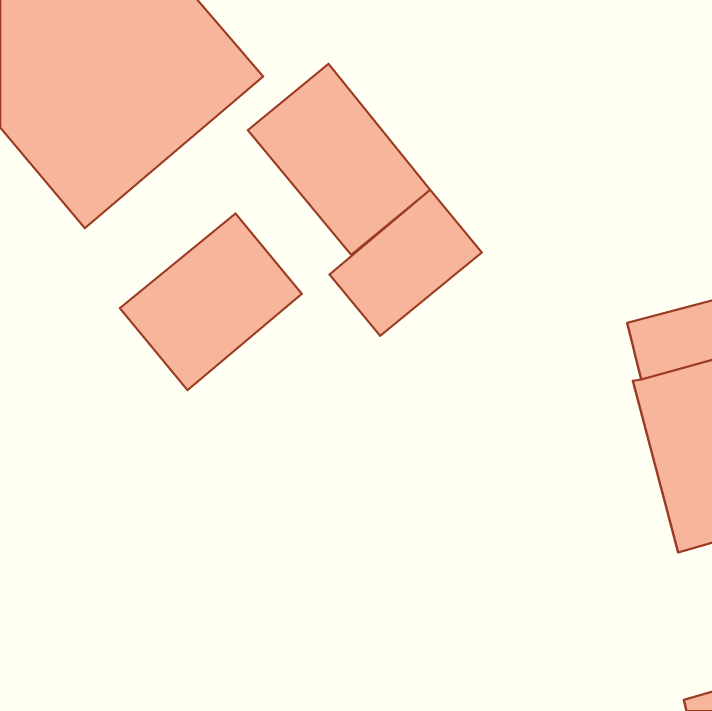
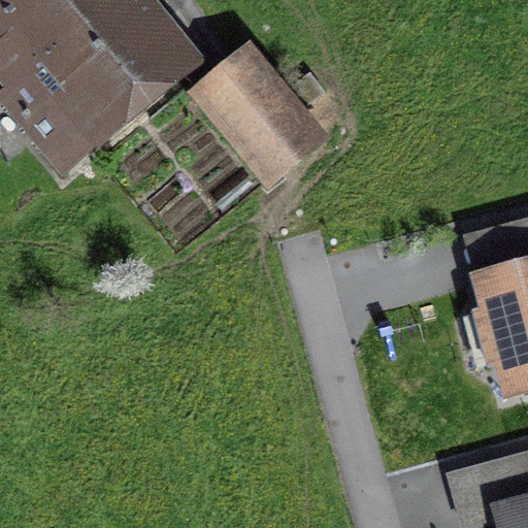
building: [329,190,482,336] -> none
building: [120,213,302,390] -> none

